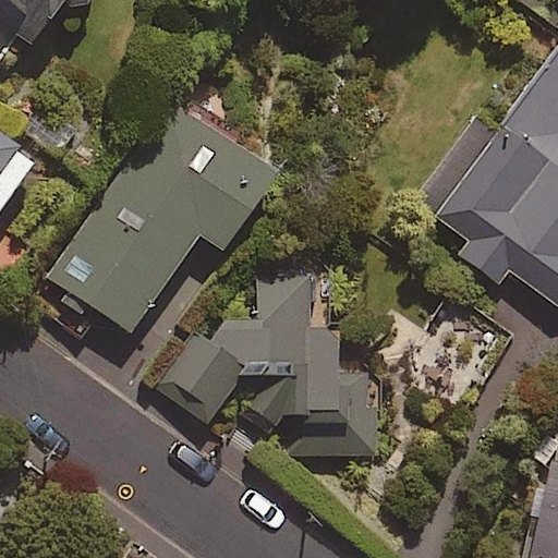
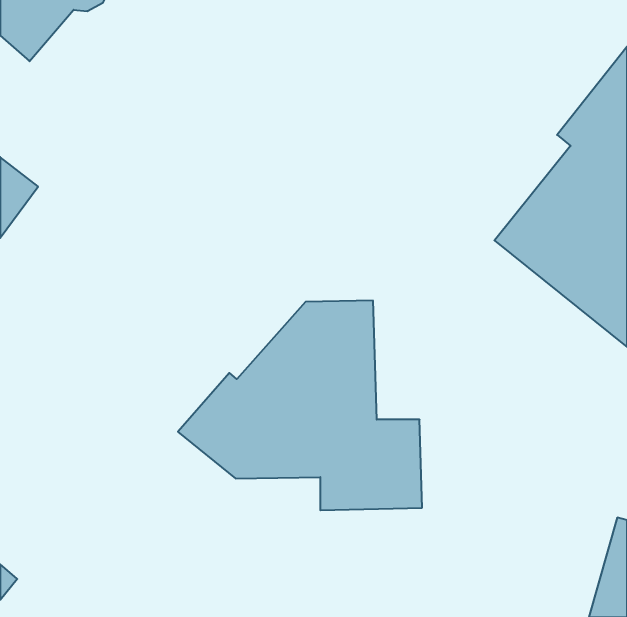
building: [46,107,276,332] -> none

